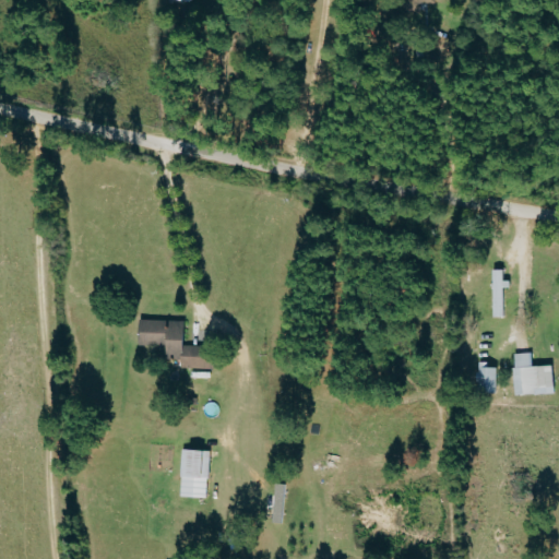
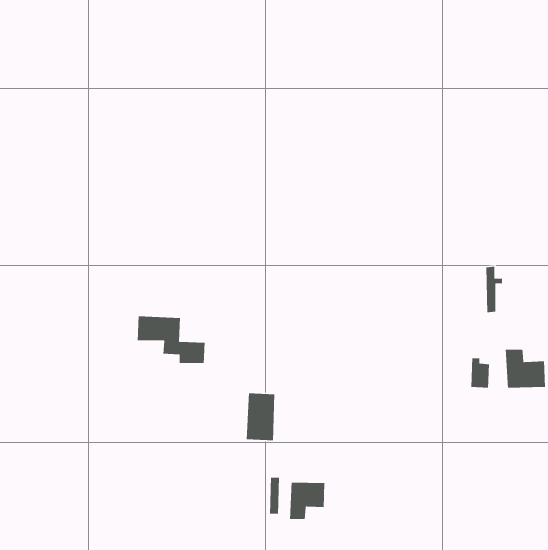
building: [179,449,209,498] -> [246,393,275,441]
building: none -> [289,482,325,520]

